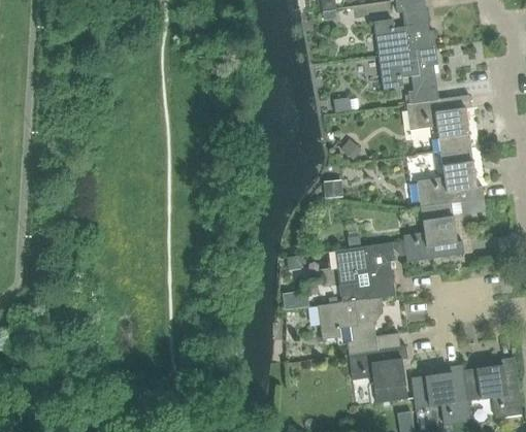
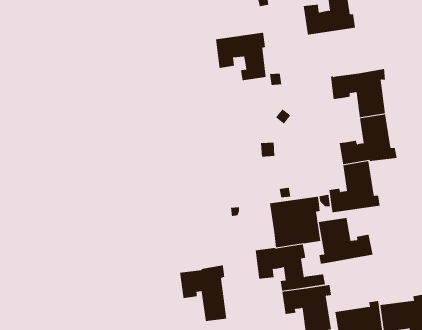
building: [379,46,438,103] -> [215,32,267,81]
building: none -> [318,217,373,265]
building: none -> [180,264,227,322]

